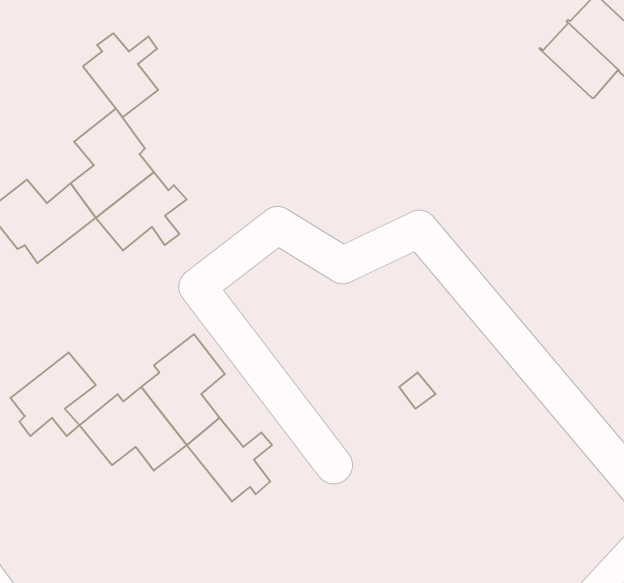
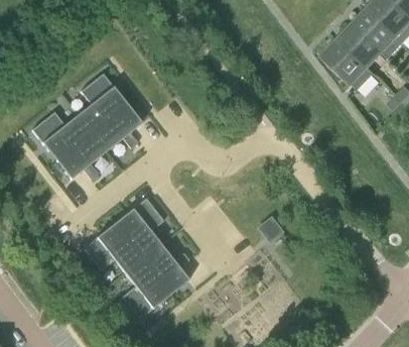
building: [83,33,158,117] -> none
building: none -> [323,38,374,89]
building: [10,352,96,436] -> [59,132,107,179]
building: none -> [121,258,167,318]

